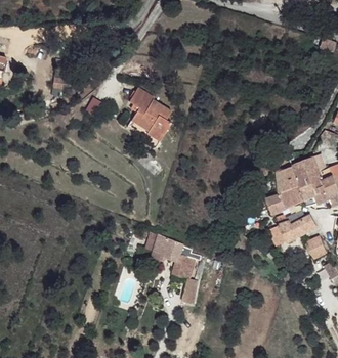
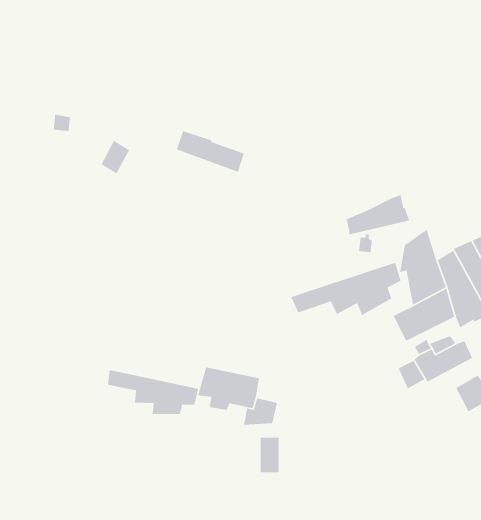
building: [129,99,173,135] -> none
building: none -> [346,194,410,235]
building: none -> [290,262,402,316]
building: none -> [107,370,199,415]

